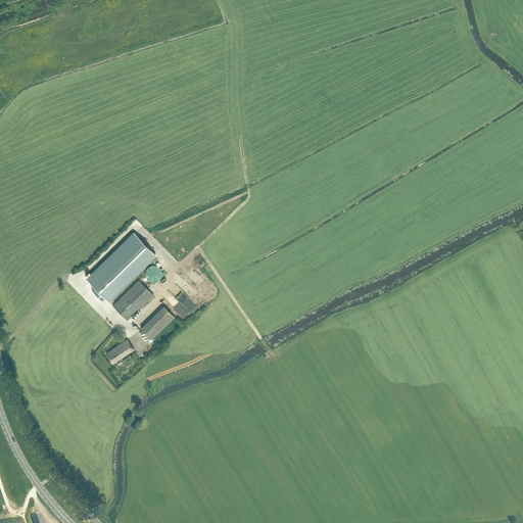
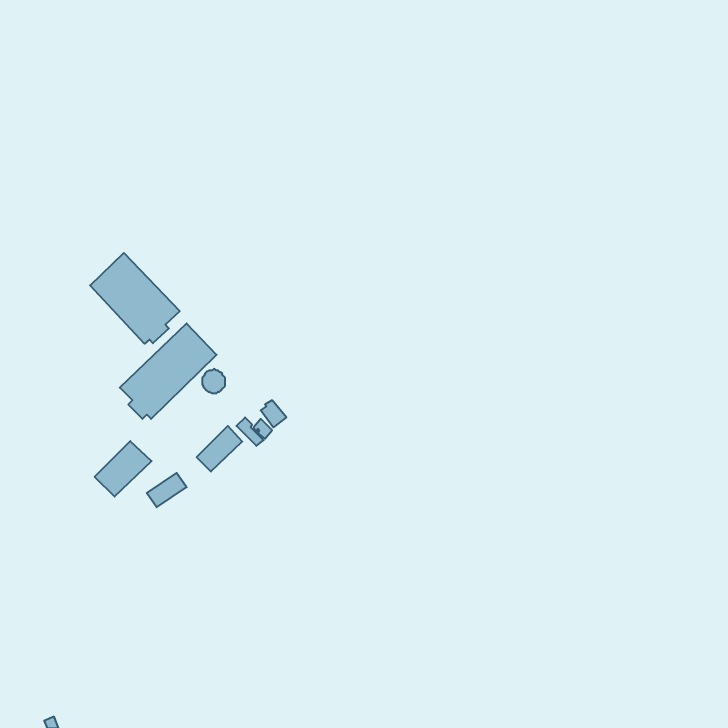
building: none -> [90,253,180,344]
building: [112,280,153,320] -> [95,441,152,497]

